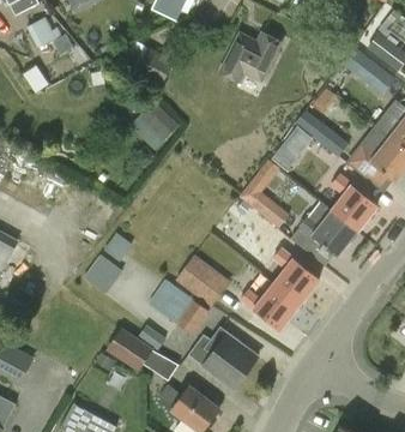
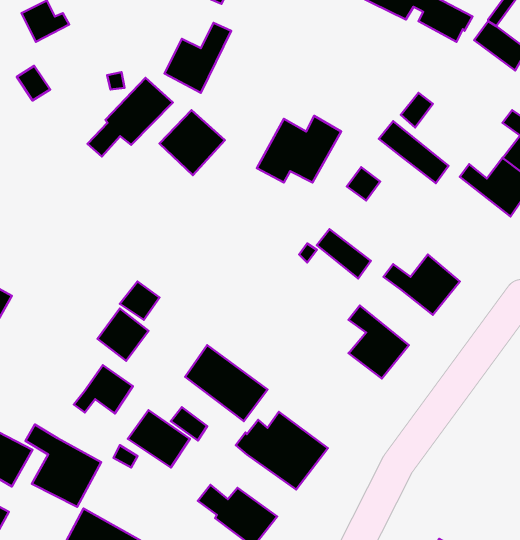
building: [218,31,282,82] -> [257,116,341,182]
building: [355,58,394,96] -> none
building: none -> [87,78,173,157]
building: [332,176,377,232] -> none
building: [176,256,230,307] -> none
building: [241,275,298,330] -> none
building: none -> [74,365,133,413]
building: none -> [25,425,101,507]

